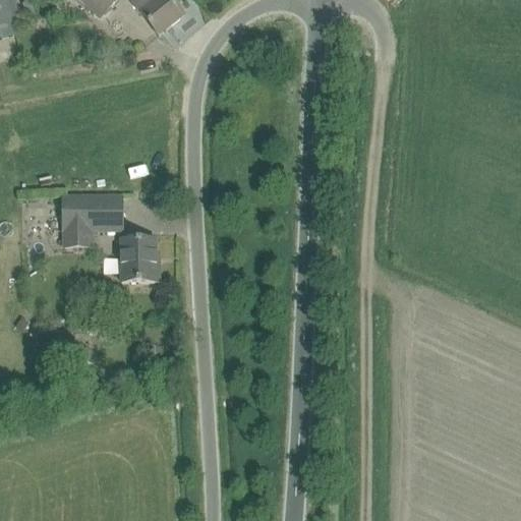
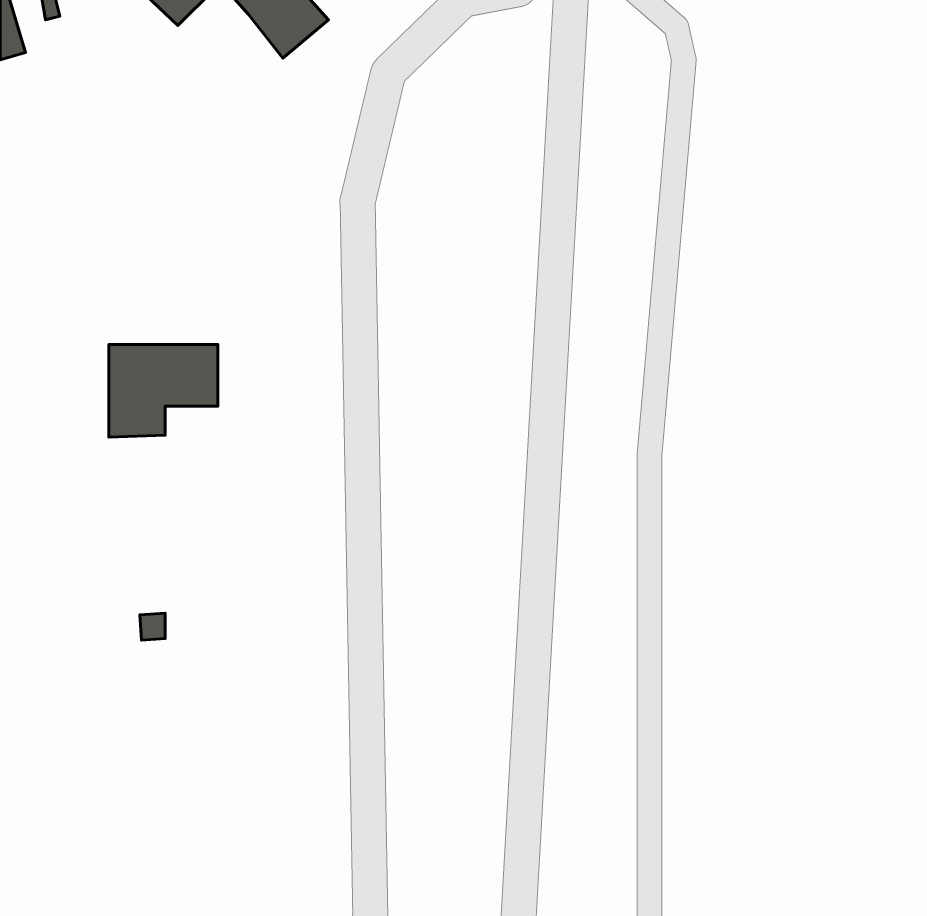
building: [122,236,159,279] -> none

